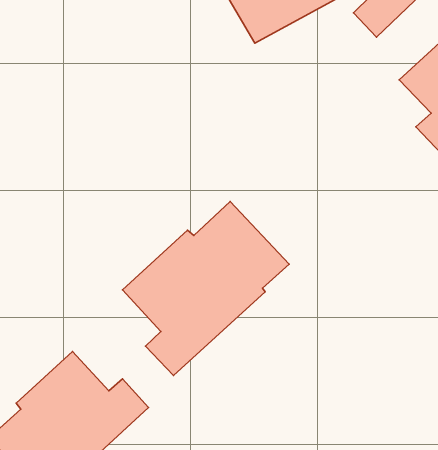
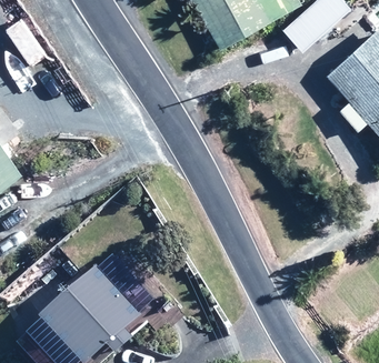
building: [123,201,289,376] -> none

